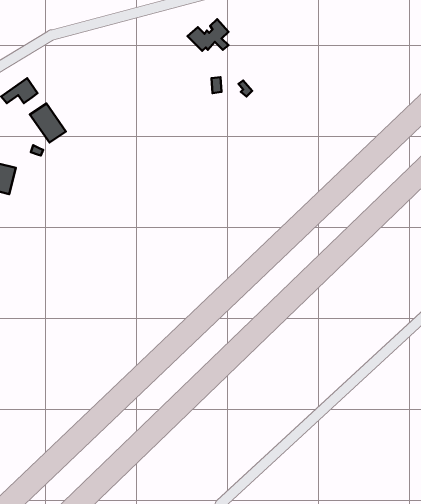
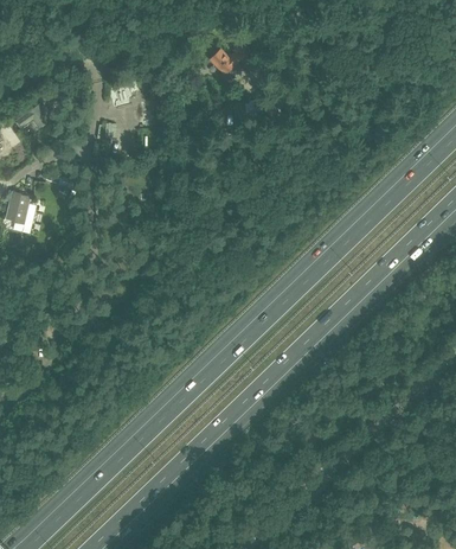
building: [30,104,66,143] -> none

